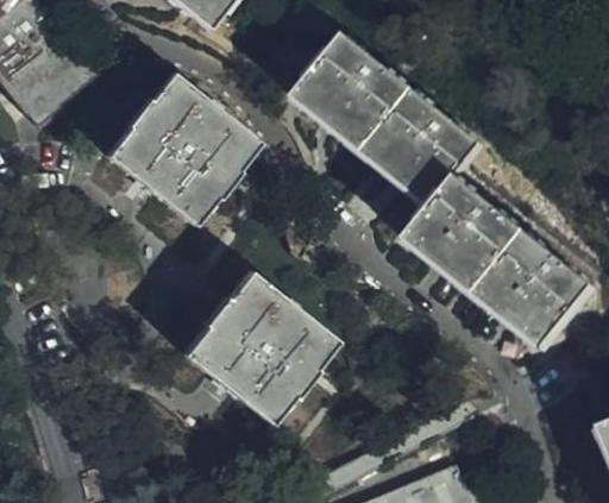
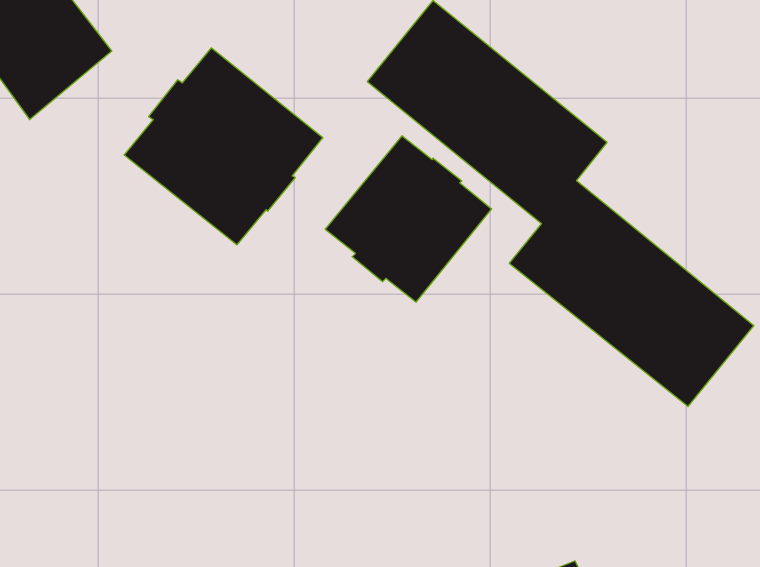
building: none -> [325,136,492,302]
building: [186,270,338,423] -> none

